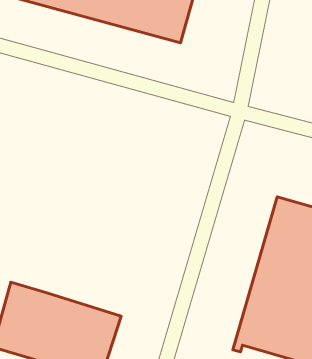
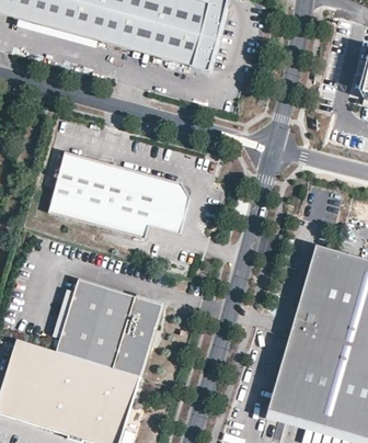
building: none -> [45,151,188,238]
building: none -> [55,280,161,378]

